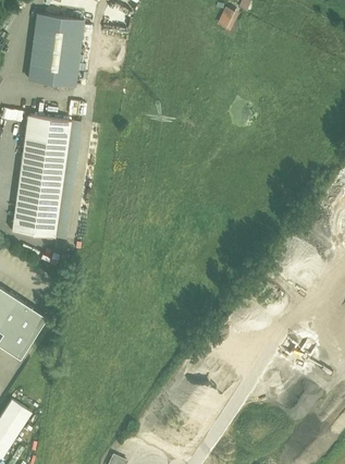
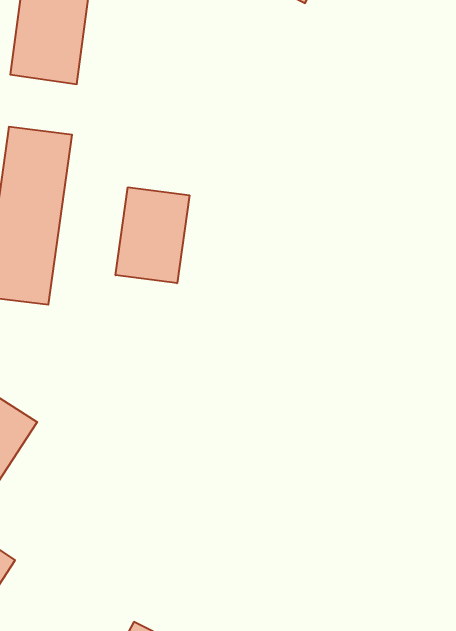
building: none -> [116,187,189,283]

